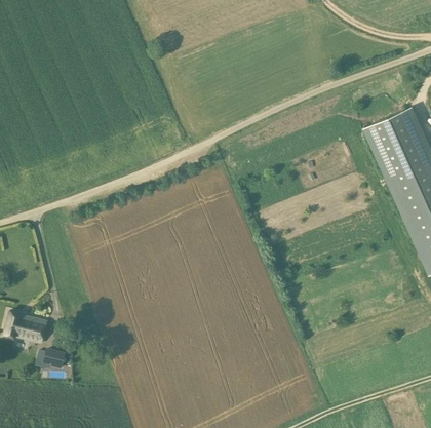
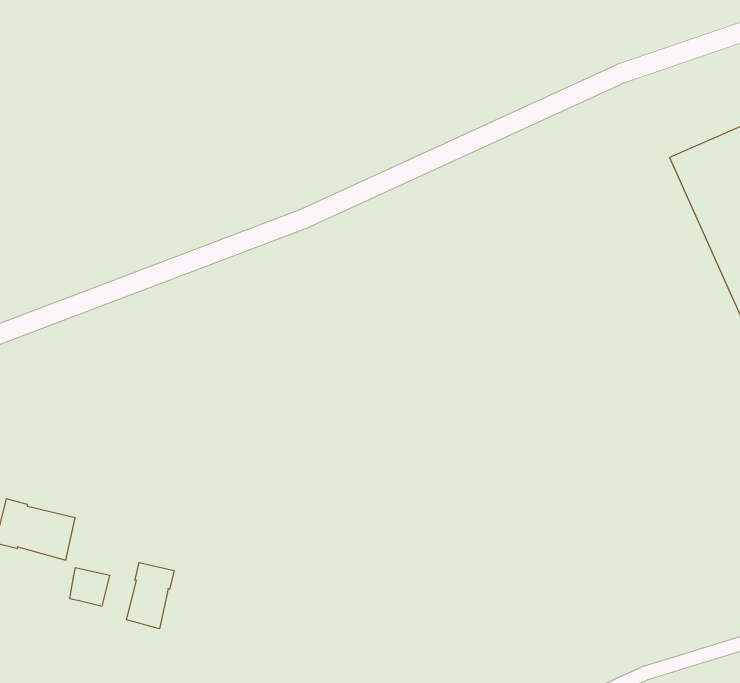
building: none -> [126,562,174,629]

